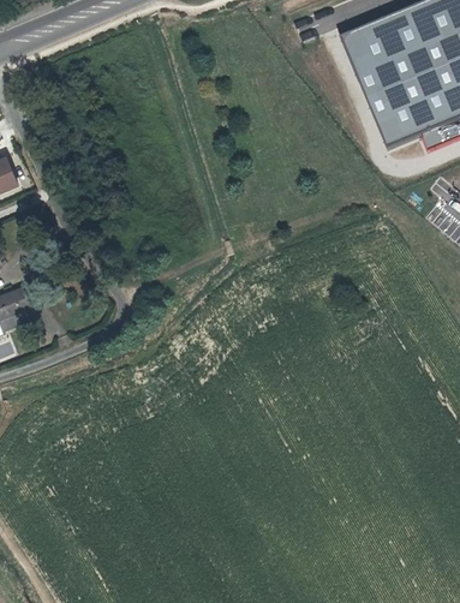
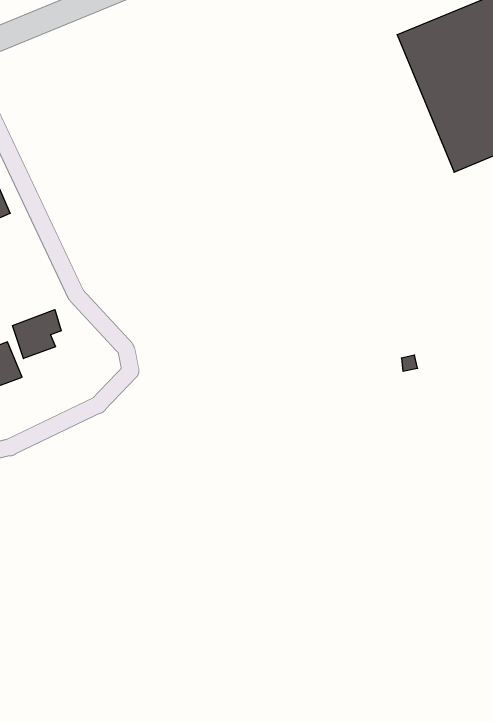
building: none -> [12,310,61,359]

